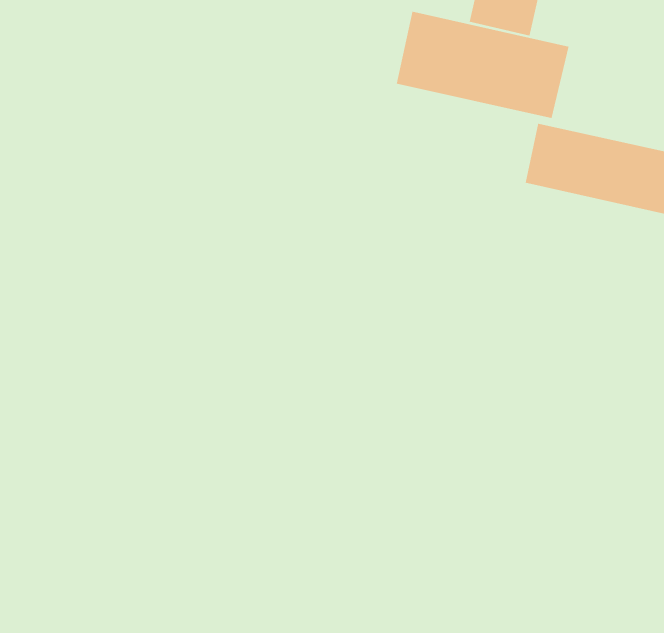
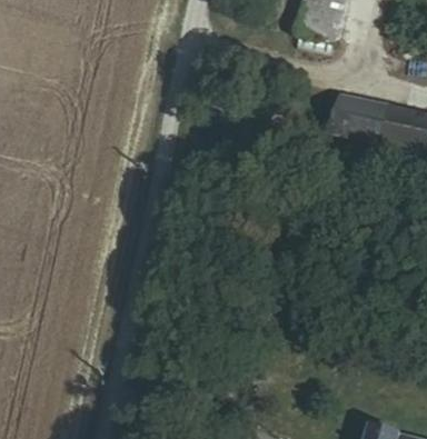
building: [396,11,569,119] -> none

